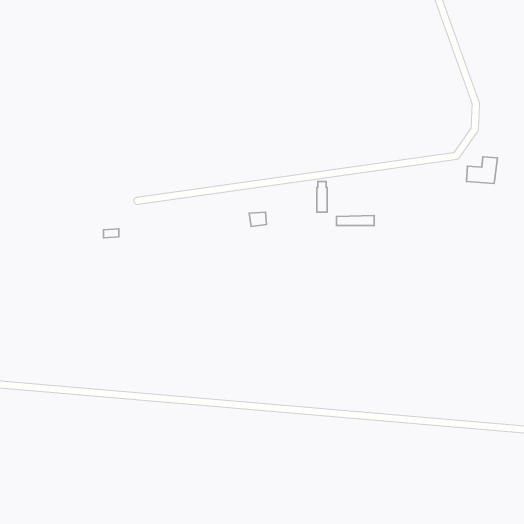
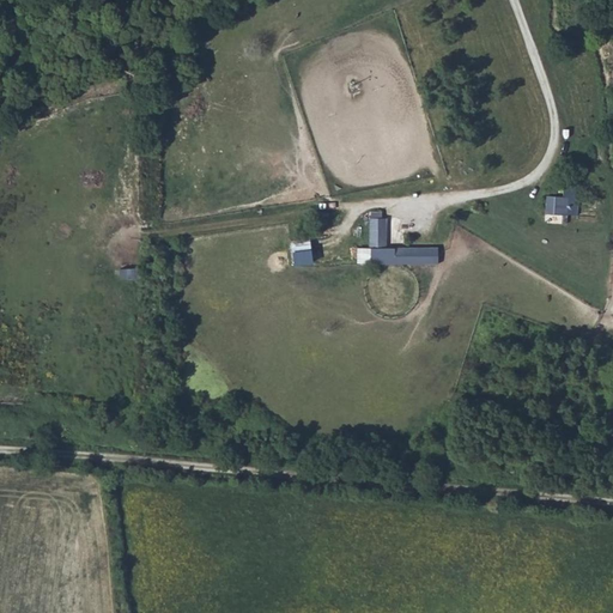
building: none -> [370,219,437,263]

